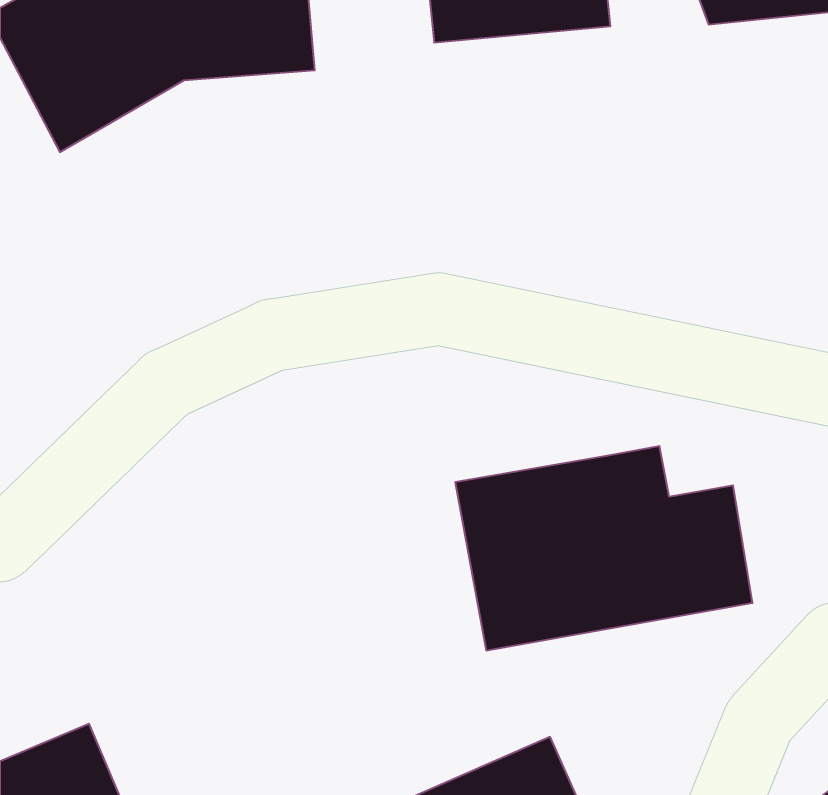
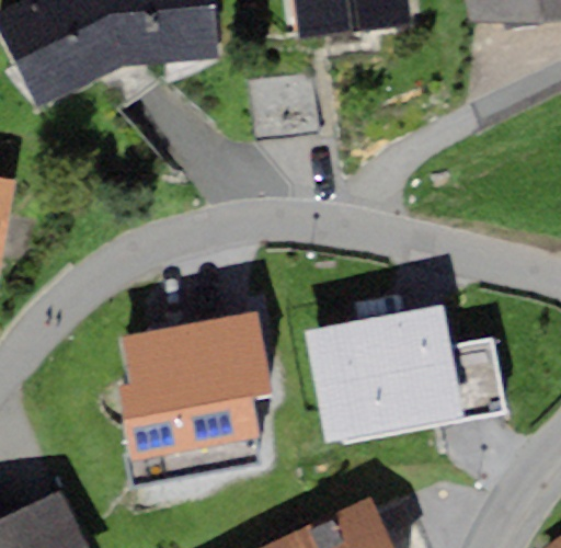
building: none -> [251,71,318,140]
building: none -> [116,315,270,481]

